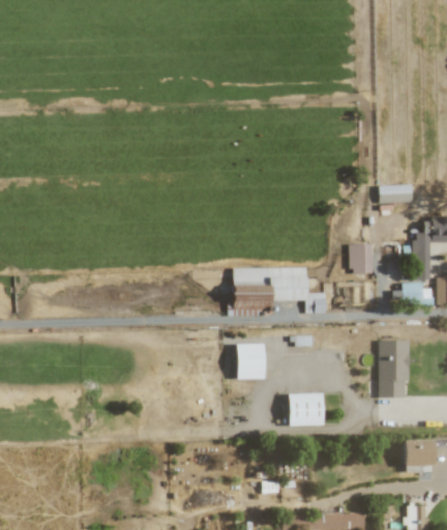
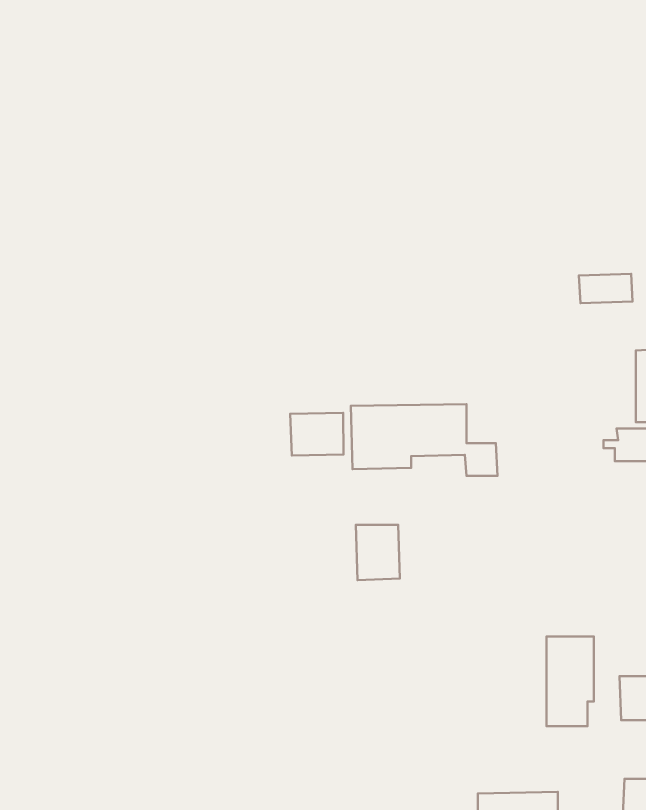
building: [350,243,374,273] -> none
building: none -> [290,413,343,455]
building: [380,340,410,396] -> [547,636,594,726]
building: [289,392,324,425] -> none

